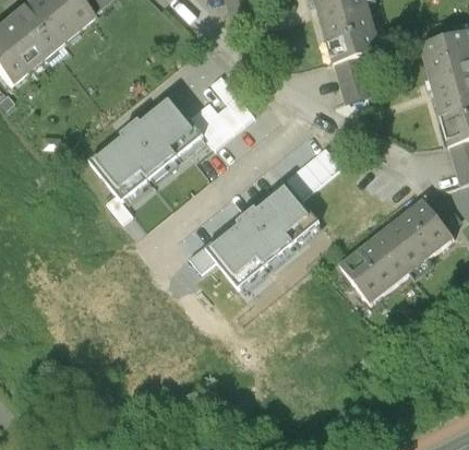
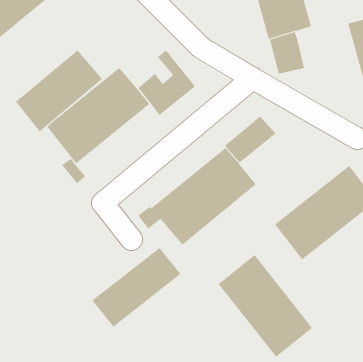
building: none -> [15,49,103,132]
building: none -> [92,247,181,328]
building: none -> [218,254,313,358]

